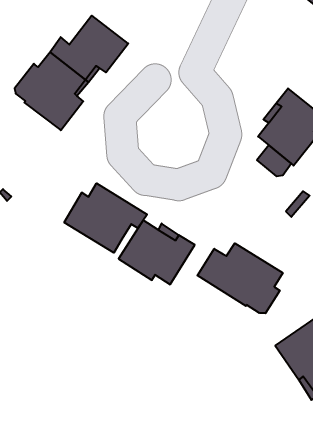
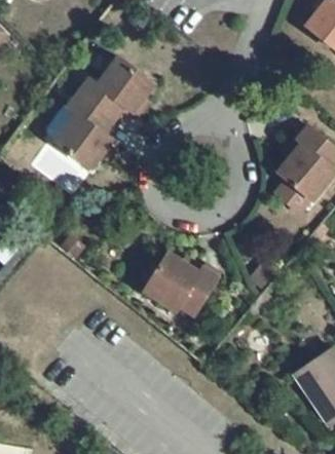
building: [64,183,147,253] -> none
building: [197,243,283,313] -> none

